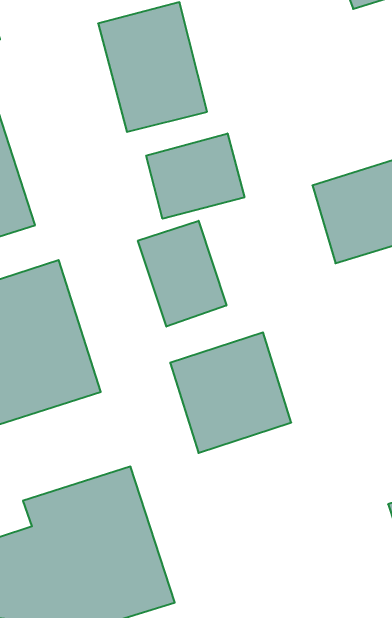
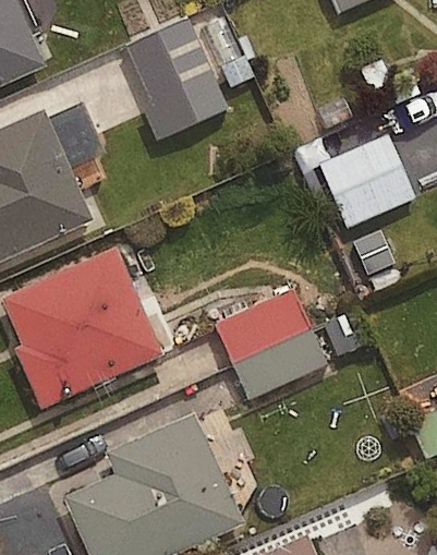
building: [146,133,244,219] -> none
building: [138,221,226,327] -> none

